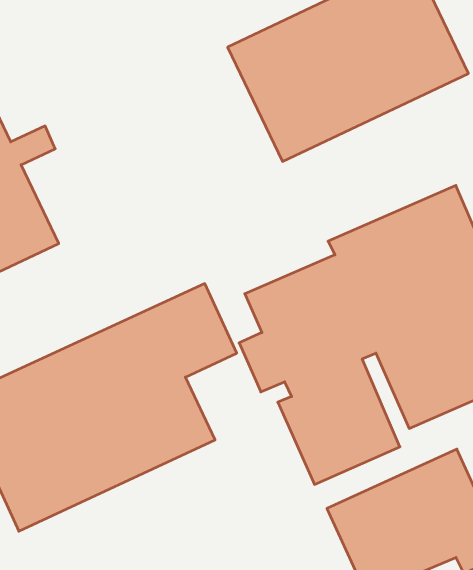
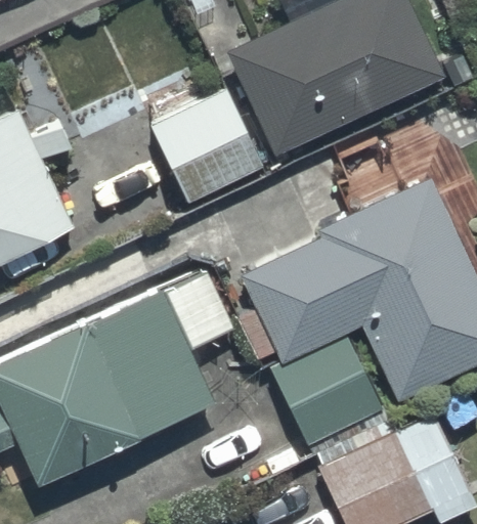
building: none -> [139,54,268,206]

